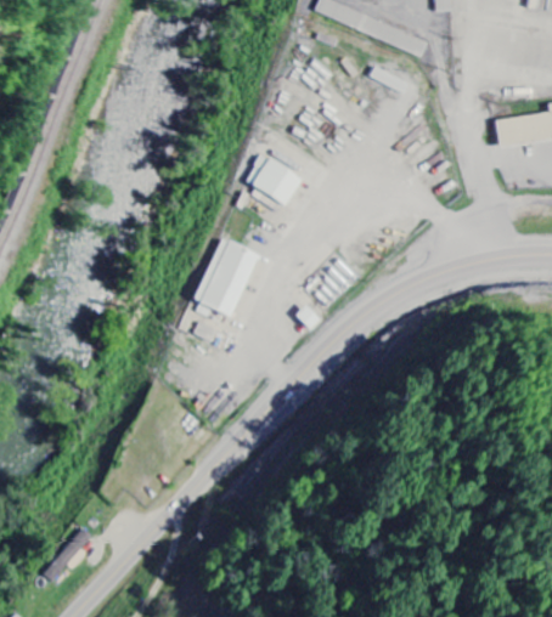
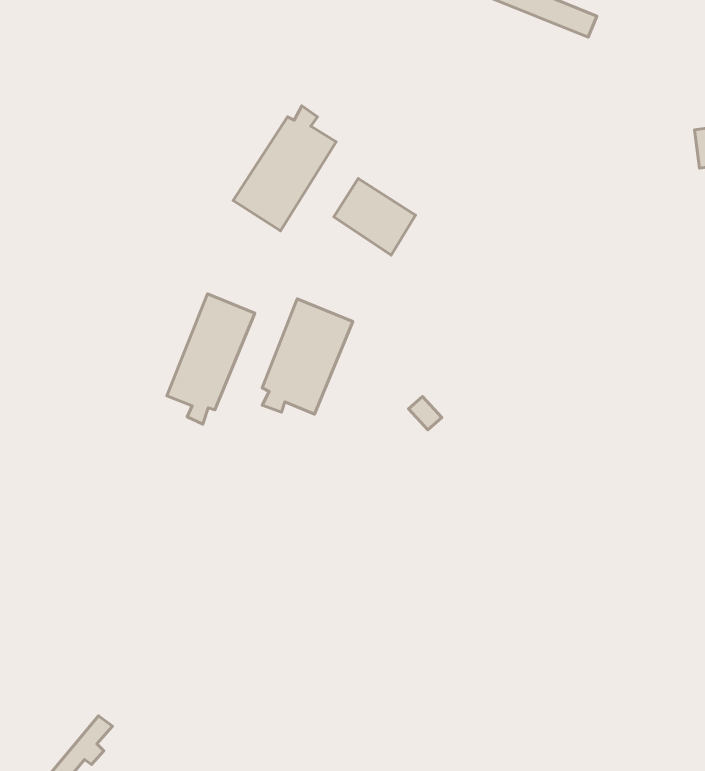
building: none -> [233,106,336,231]
building: none -> [167,294,255,424]

